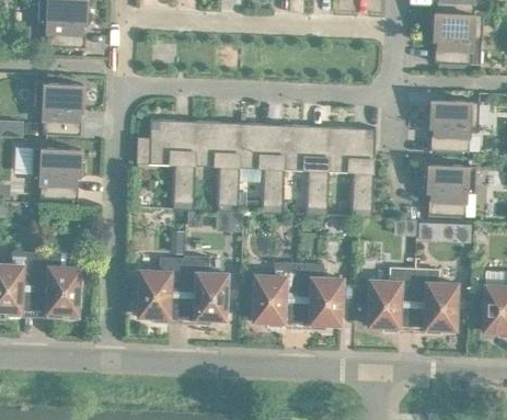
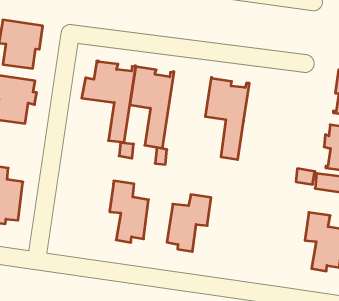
building: [239,121,285,213] -> none
building: [327,125,376,216] -> none
building: [138,257,184,321] -> none
building: [298,262,343,328] -> none
building: [368,266,414,331] -> none

